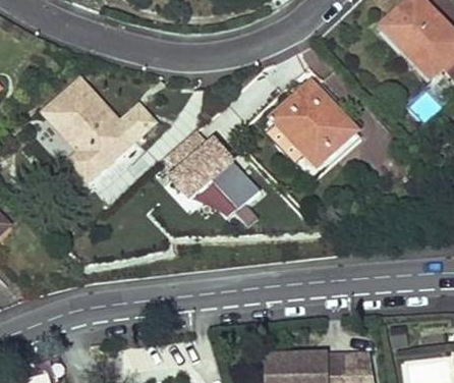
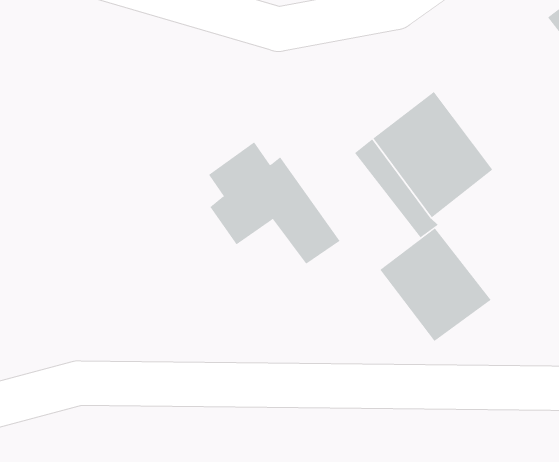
building: [45,80,155,180] -> none
building: none -> [379,228,491,342]

